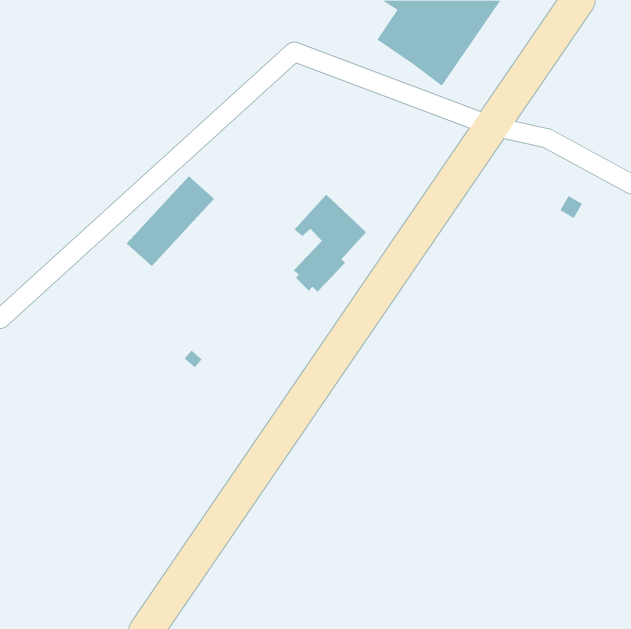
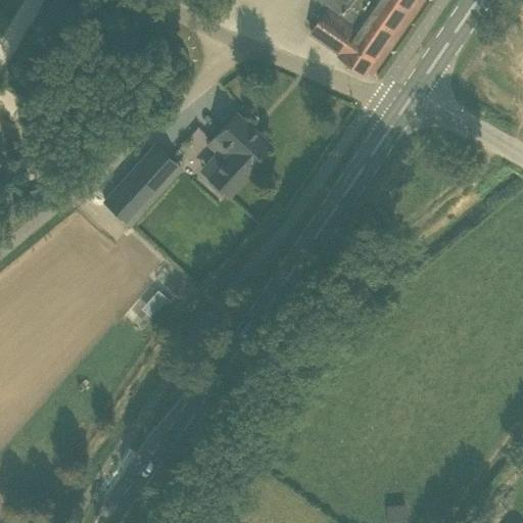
building: [293,194,367,293] -> [207,114,269,196]

